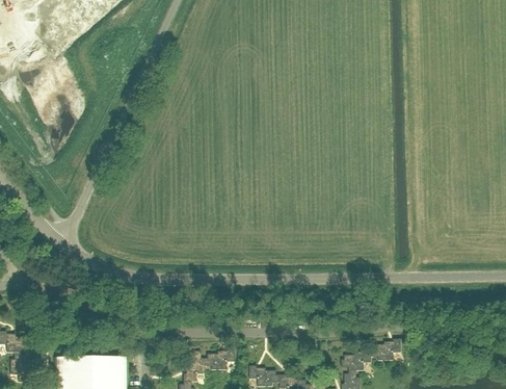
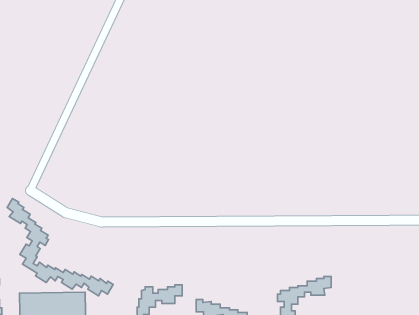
building: none -> [7,198,113,296]

